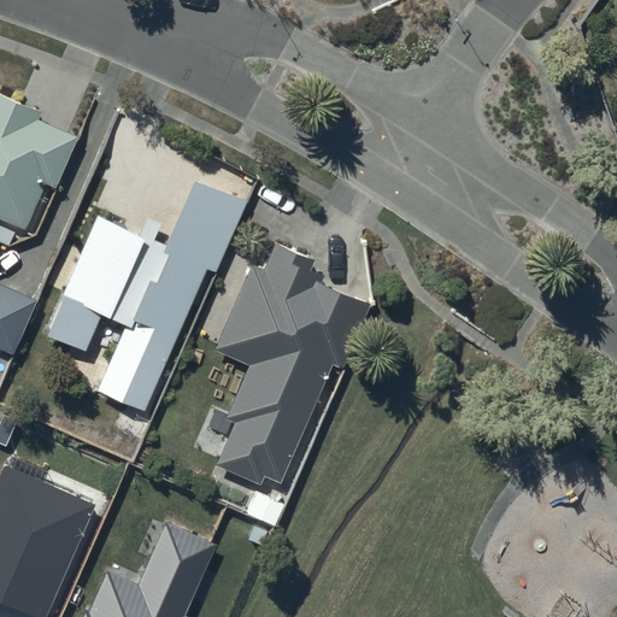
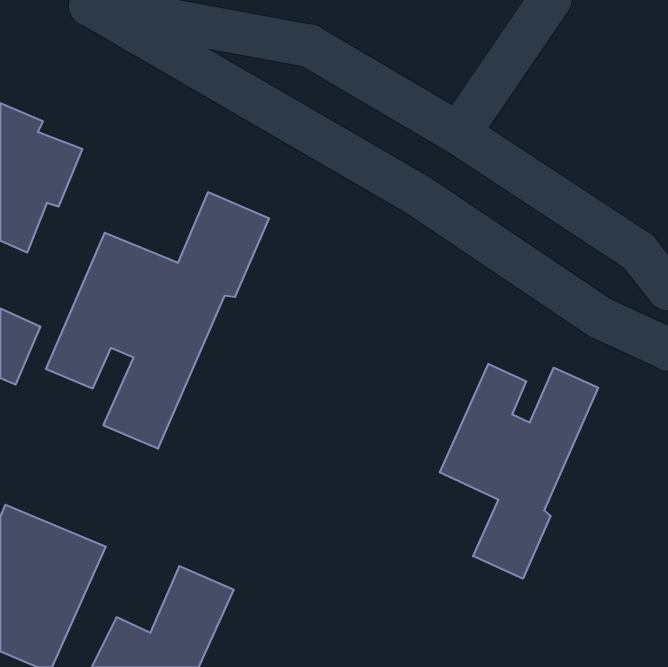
building: [216,242,368,486] -> none
building: none -> [440,364,598,579]

